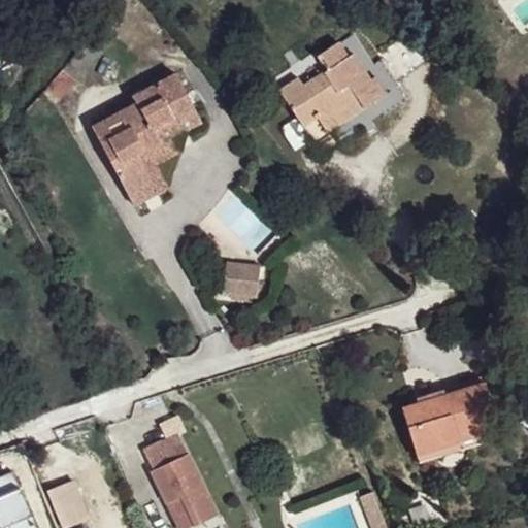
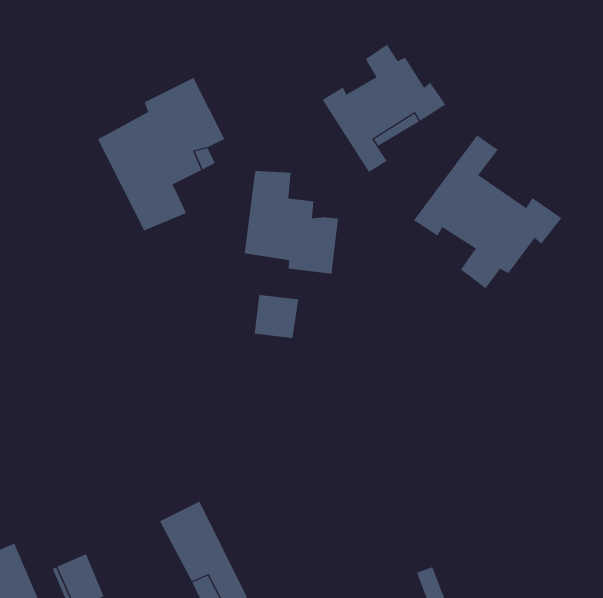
building: none -> [413,135,562,289]
building: none -> [244,170,339,274]
building: [403,384,498,457] -> none

